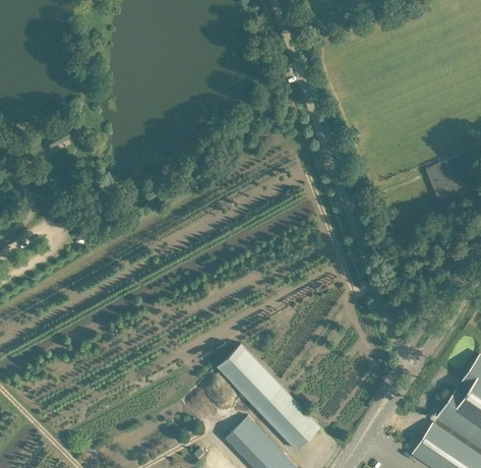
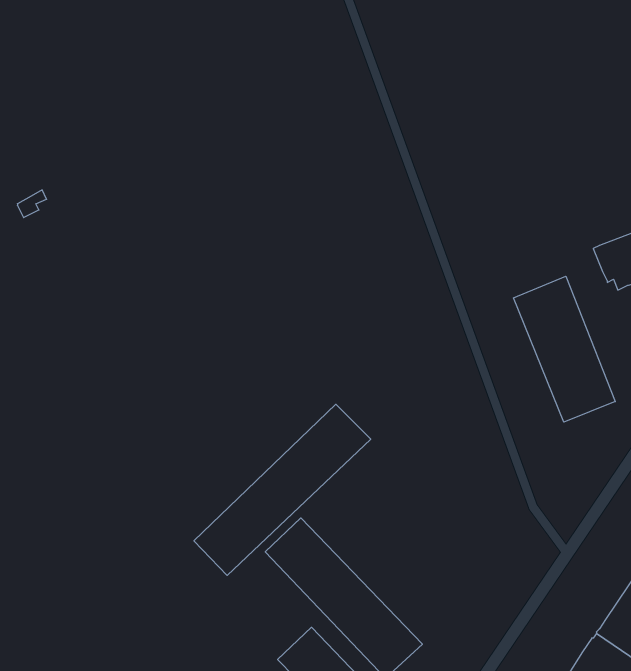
building: none -> [514,276,615,422]
building: none -> [194,404,371,575]

